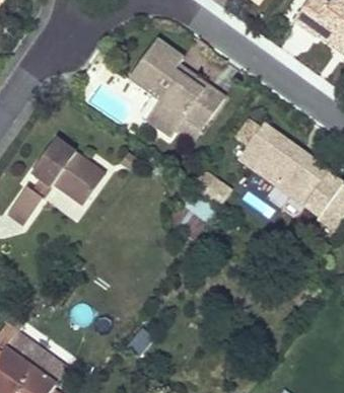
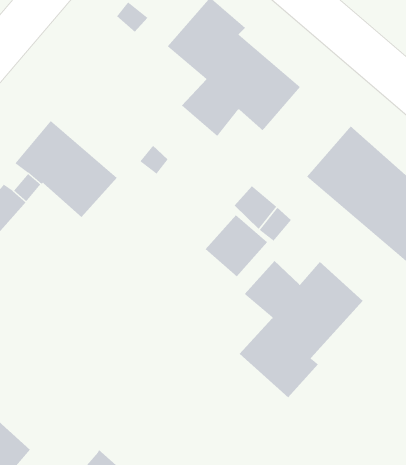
building: none -> [239,260,364,398]

